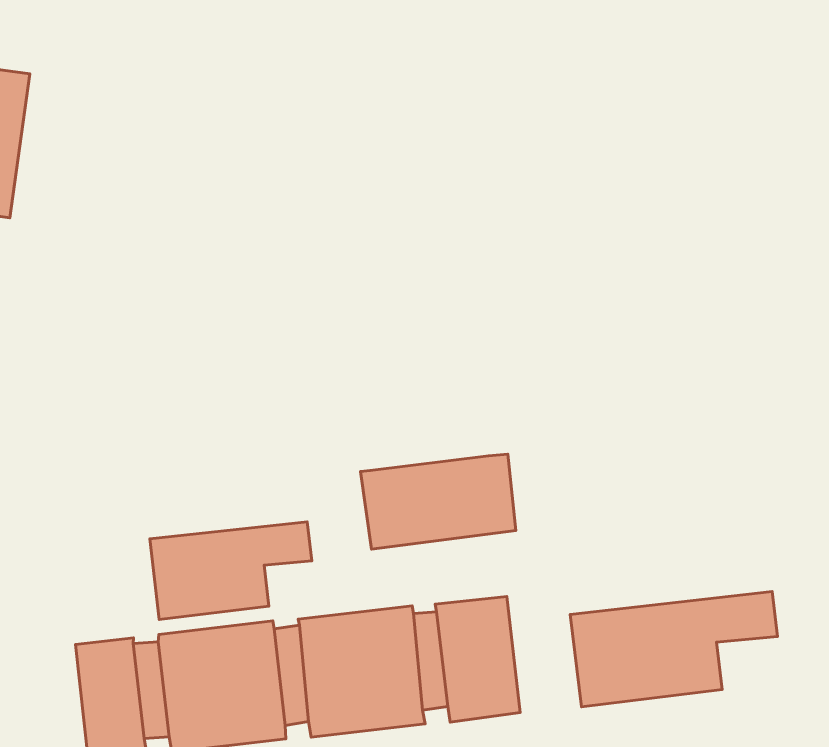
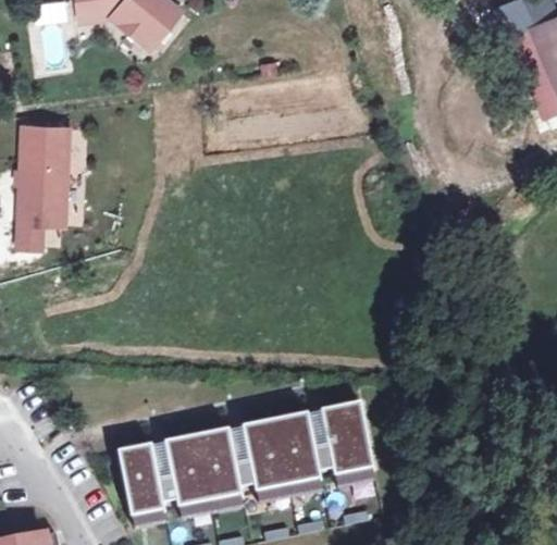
building: [360,454,516,549] -> none
building: [150,522,312,619] -> none
building: [570,592,778,707] -> none

